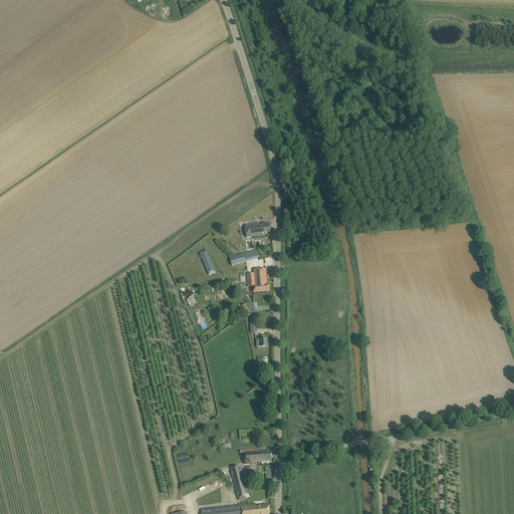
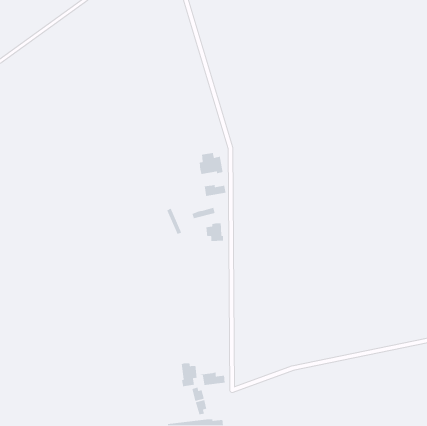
building: none -> [199,152,224,175]
building: none -> [181,362,198,387]

